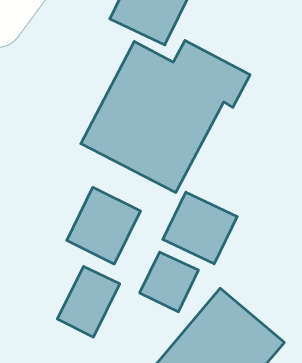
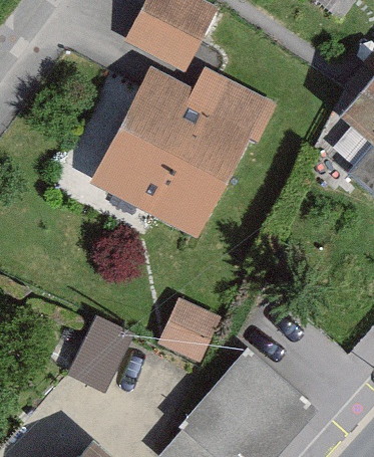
building: [67,187,140,264] -> none
building: [163,192,237,264] -> none

